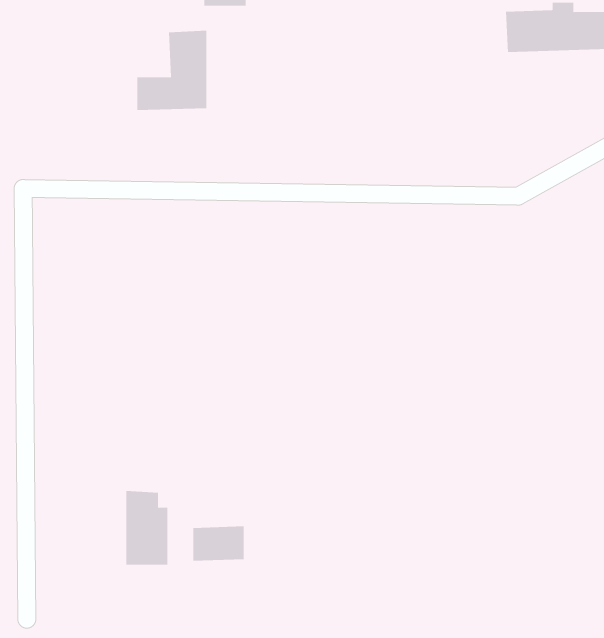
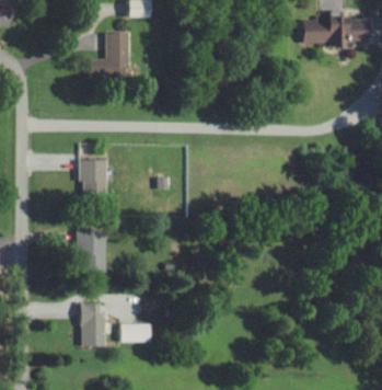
building: none -> [80,159,106,193]
building: none -> [79,229,106,265]

